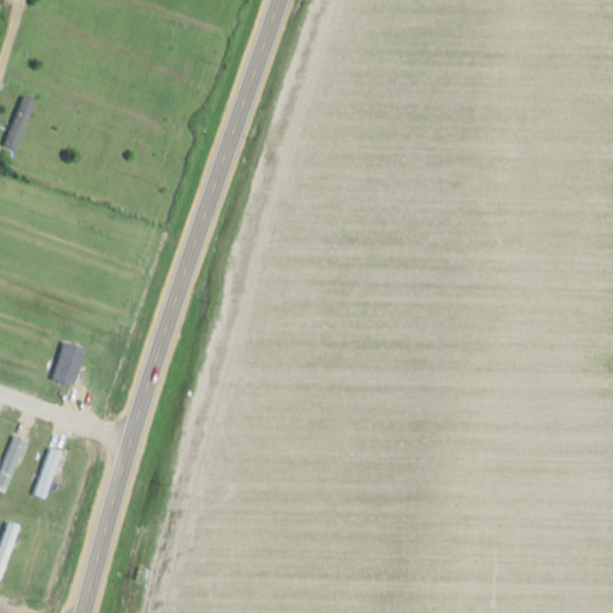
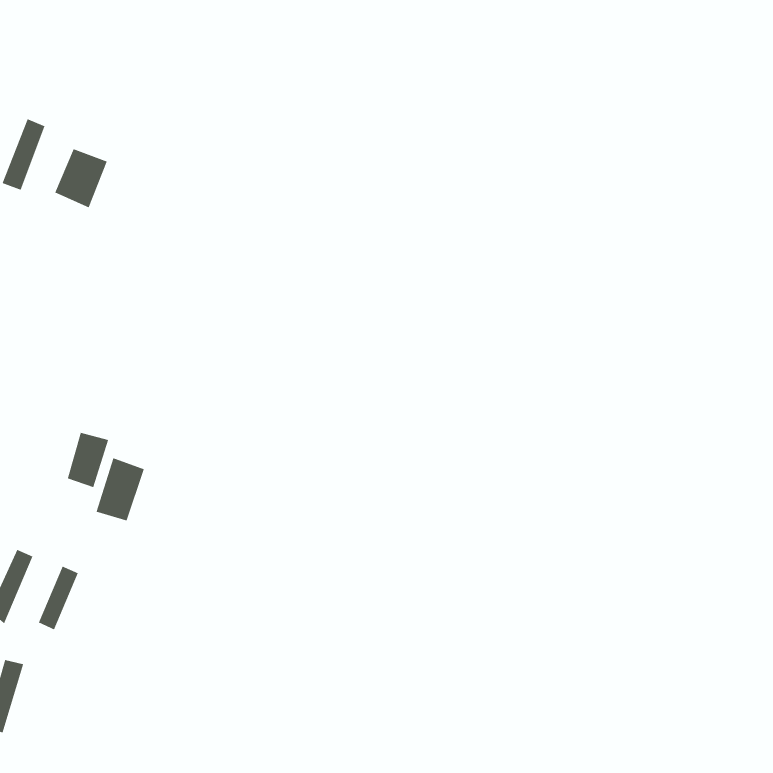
building: none -> [54,148,108,208]
building: none -> [96,457,145,521]

